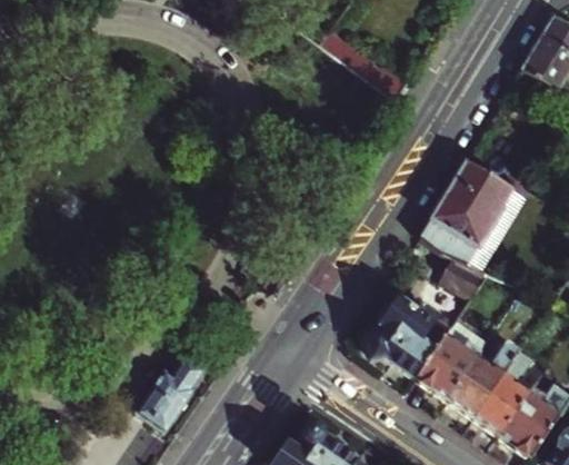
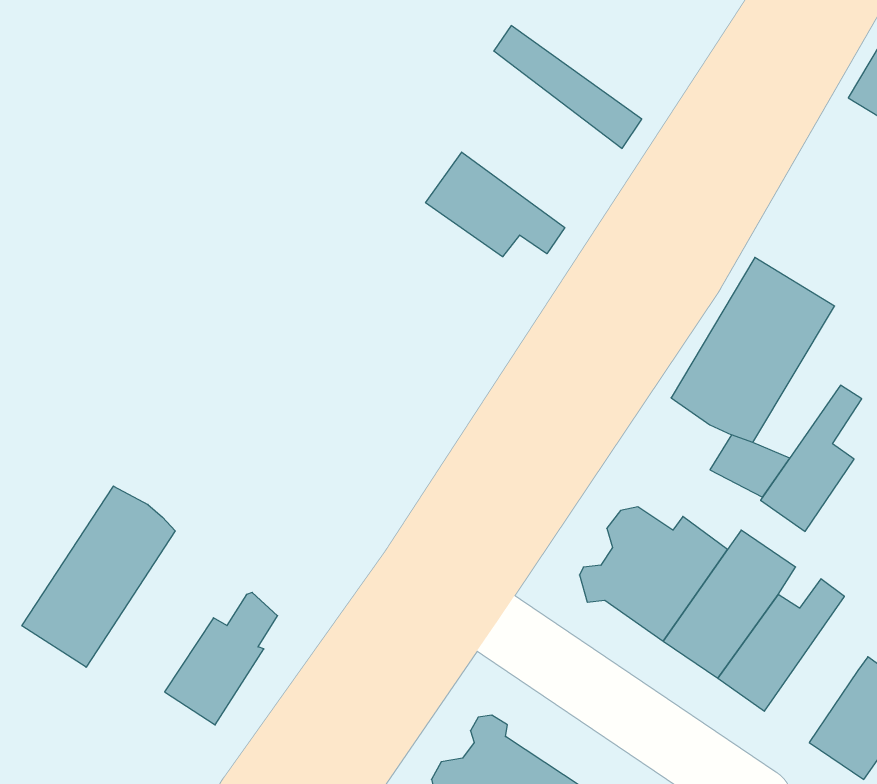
building: none -> [426,152,565,257]
building: none -> [22,486,175,667]
building: [476,354,533,437] -> [761,385,862,531]

